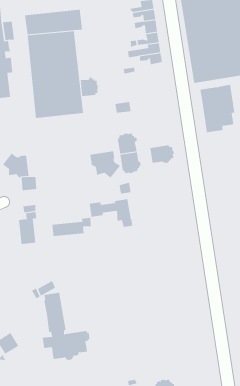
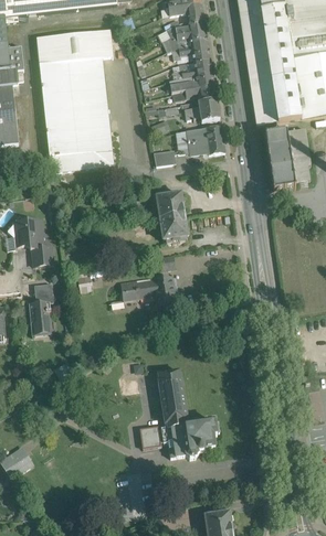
building: none -> [189,98,220,121]
building: [80,77,98,97] -> none
building: none -> [187,125,225,153]
building: [150,145,174,164] -> none
building: [90,150,121,178] -> none
building: [52,217,91,237] -> none
building: [42,292,90,360] -> [156,369,219,458]

